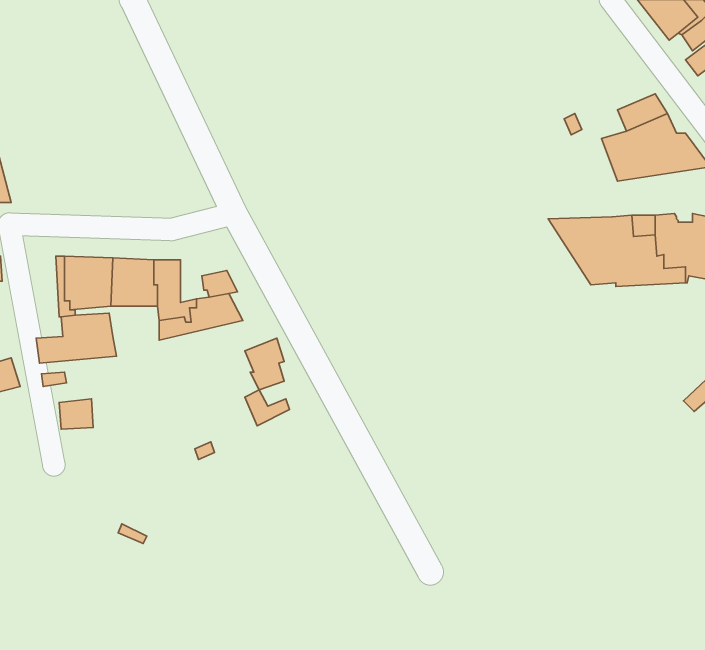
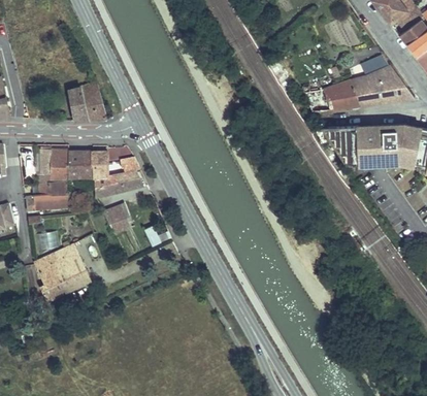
building: none -> [301,79,360,111]
building: none -> [68,82,105,121]
building: [245,338,284,390] -> [105,203,128,233]
building: none -> [34,243,89,299]

